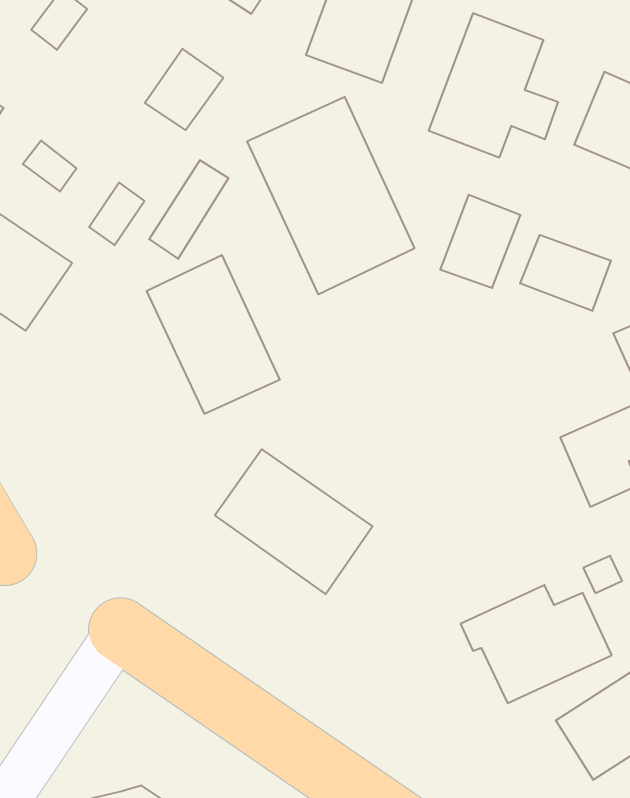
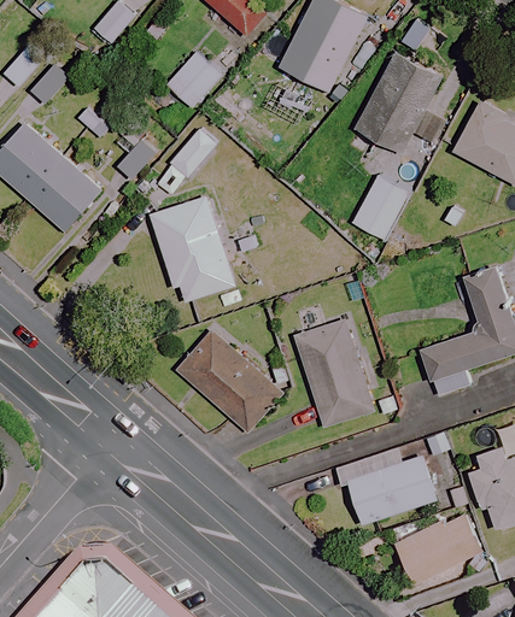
building: [247,97,414,294] -> none
building: [520,235,611,311] -> none
building: none -> [291,305,374,428]

